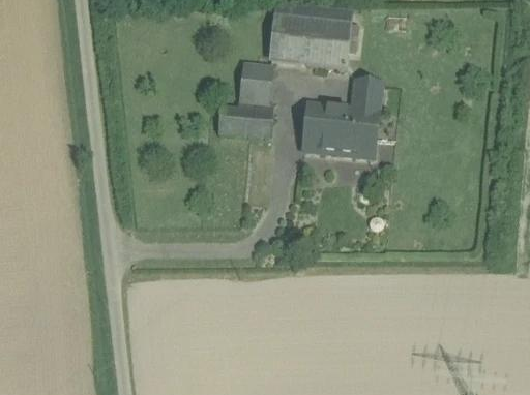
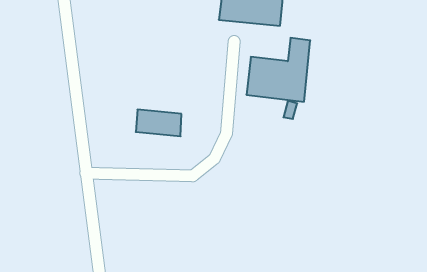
building: [240,62,270,99] -> none
building: [217,103,272,135] -> [136,110,181,136]

